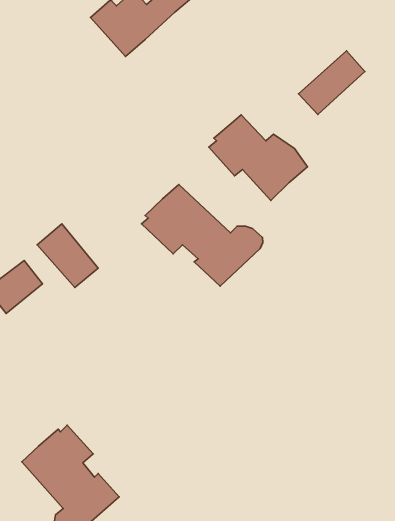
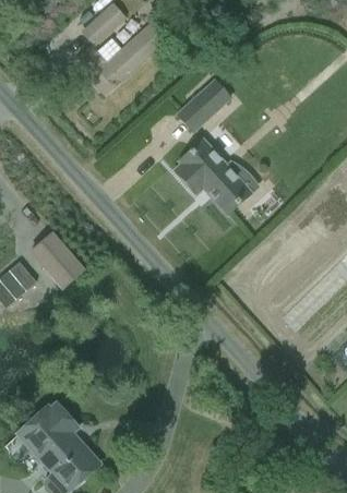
building: [298,51,365,114] -> [177,79,232,132]
building: [141,185,263,286] -> none

